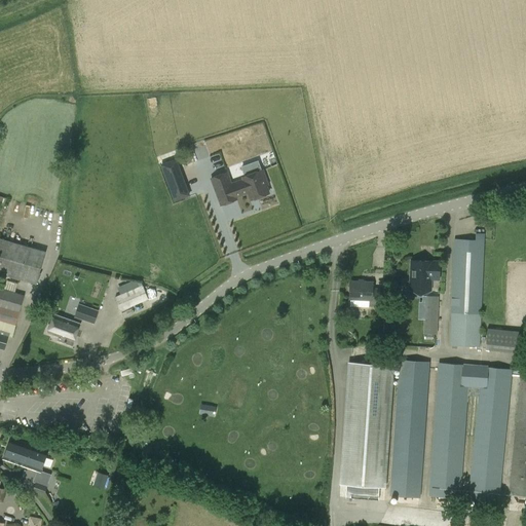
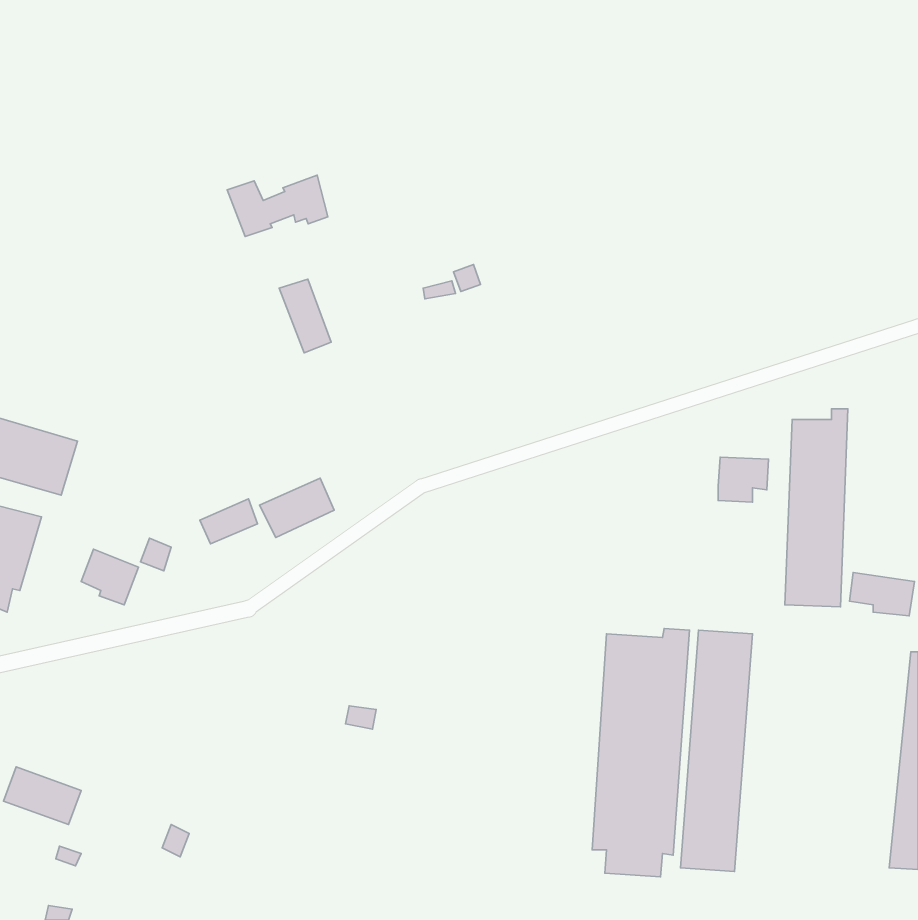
building: [210,170,267,204] -> [227,175,328,236]
building: none -> [259,478,334,537]
building: [348,281,379,307] -> none
building: [422,290,438,334] -> none
building: [428,363,512,500] -> none

